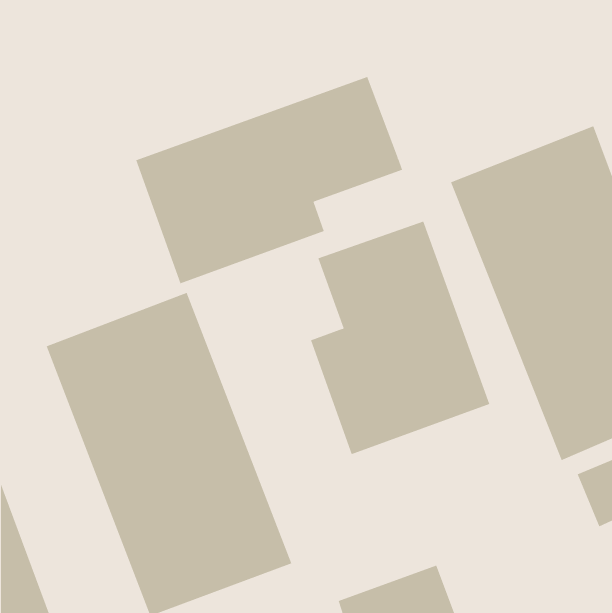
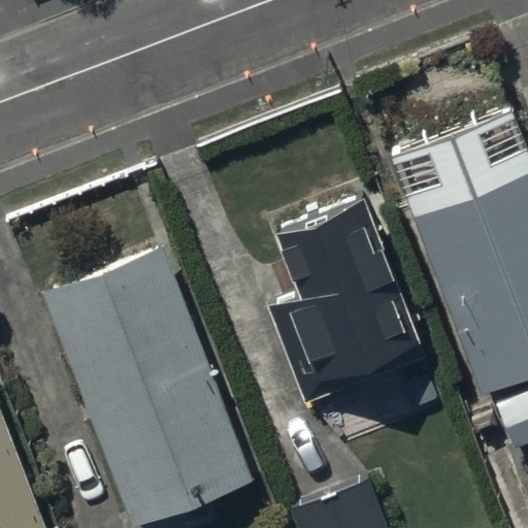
building: [136,76,403,284] -> none

